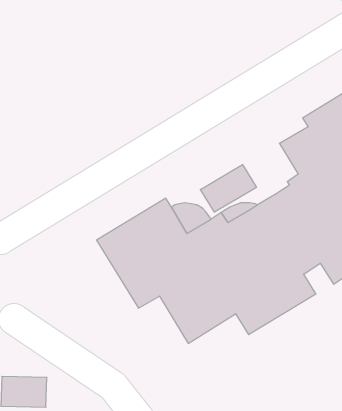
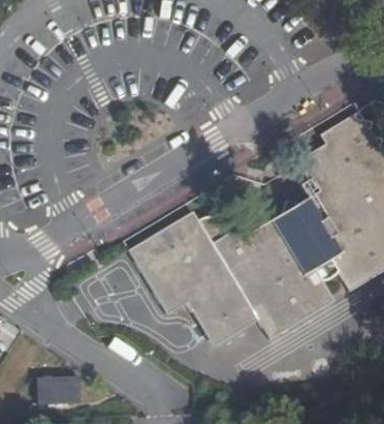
building: [200,165,256,212] -> none

